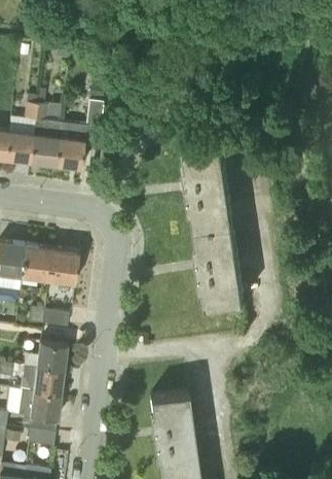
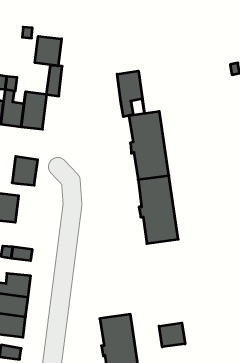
building: none -> [35,36,62,66]
building: none -> [117,71,145,117]
building: [47,247,78,282] -> [12,156,38,185]
building: none -> [159,323,185,347]

